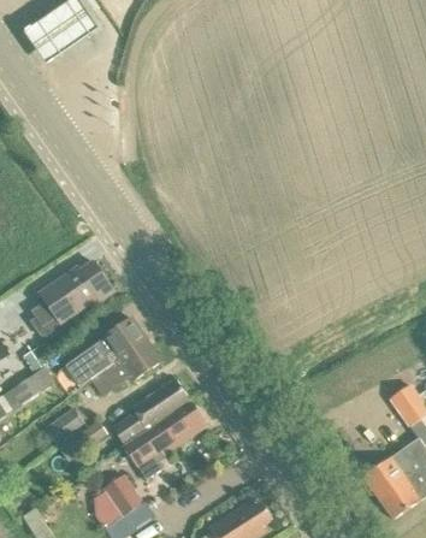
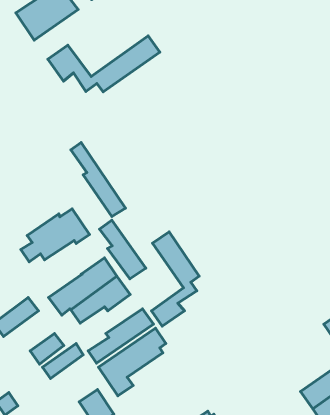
building: none -> [48,36,160,92]
building: none -> [71,143,126,217]
building: none -> [100,220,146,279]
building: none -> [151,232,199,326]

